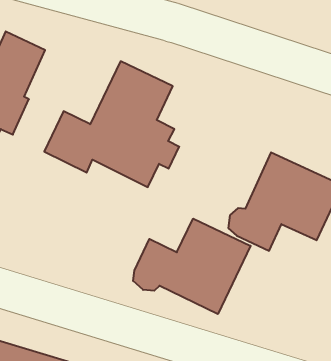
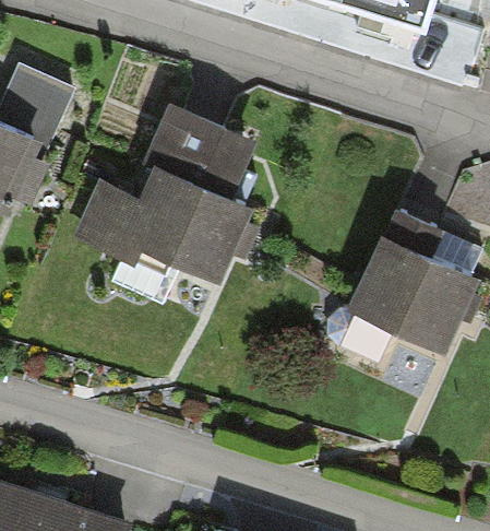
building: [133,219,251,314] -> none

